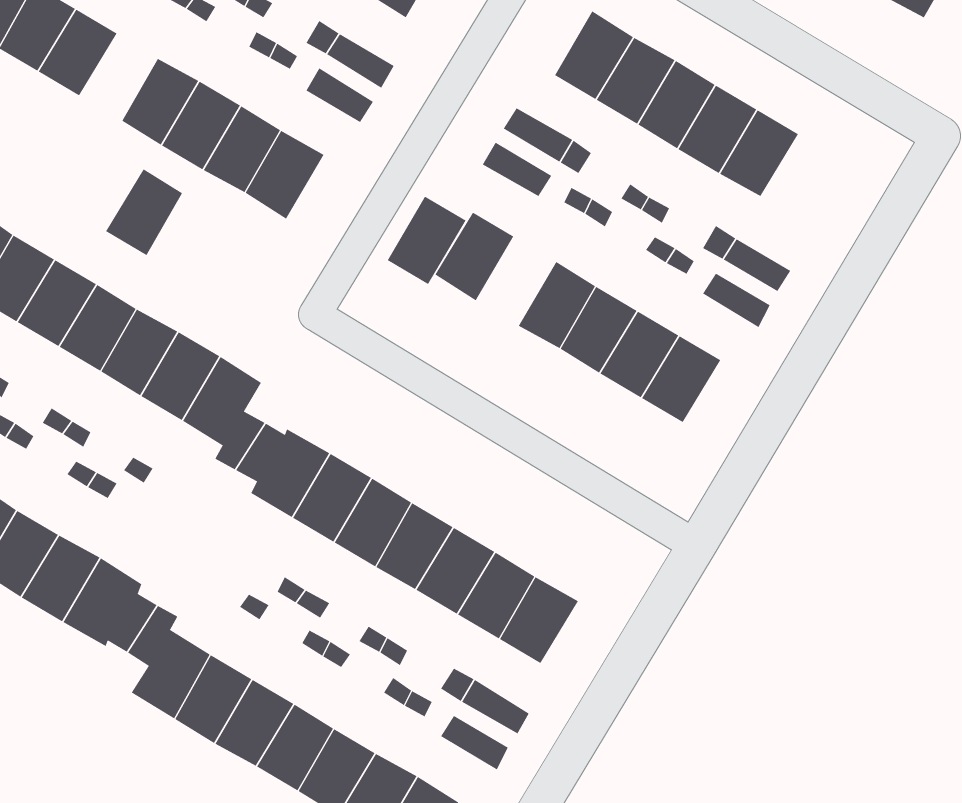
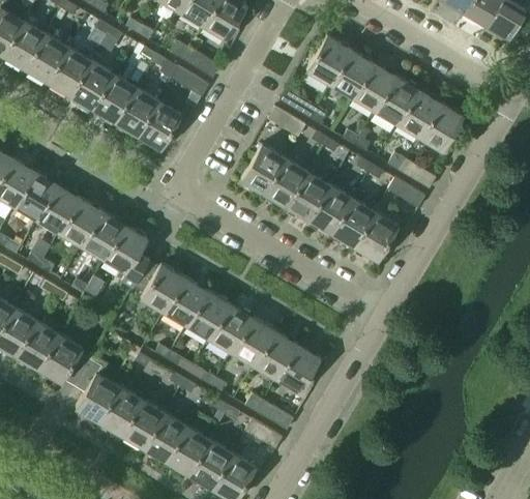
building: none -> [419,102,463,151]
building: [105,168,183,256] -> [48,48,90,95]
building: [387,196,466,285] -> [264,158,307,207]

